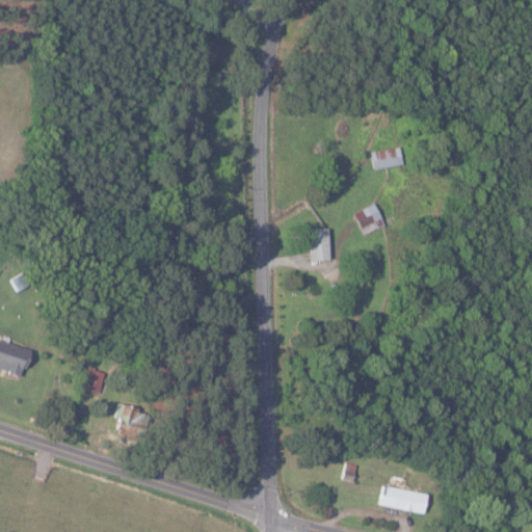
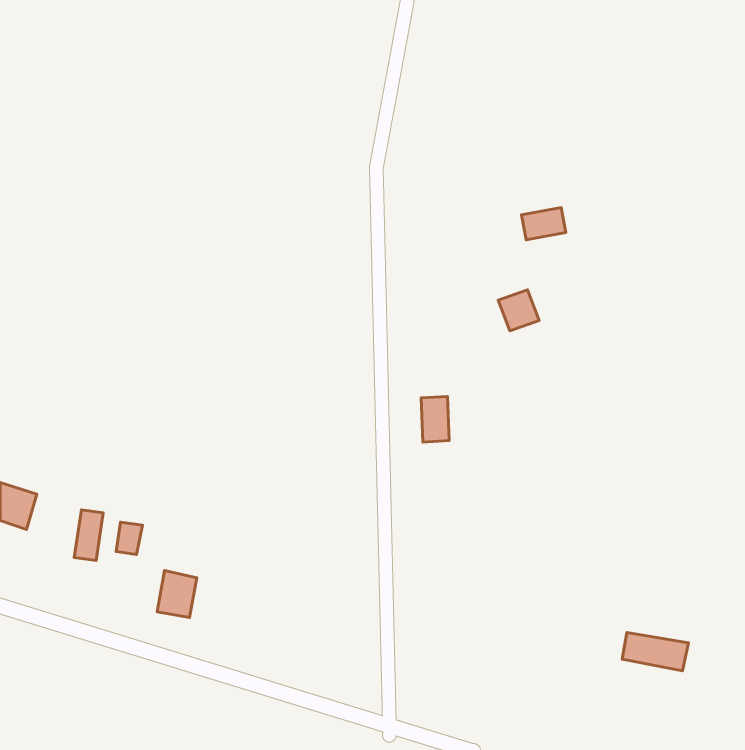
building: [311,230,330,262] -> [421,397,449,442]
building: none -> [74,510,103,561]
building: [381,486,428,513] -> [622,633,688,671]

